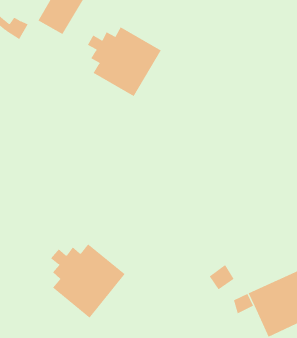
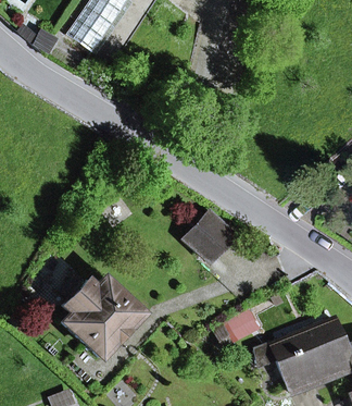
building: [87,26,162,97] -> none
building: none -> [186,213,234,261]

